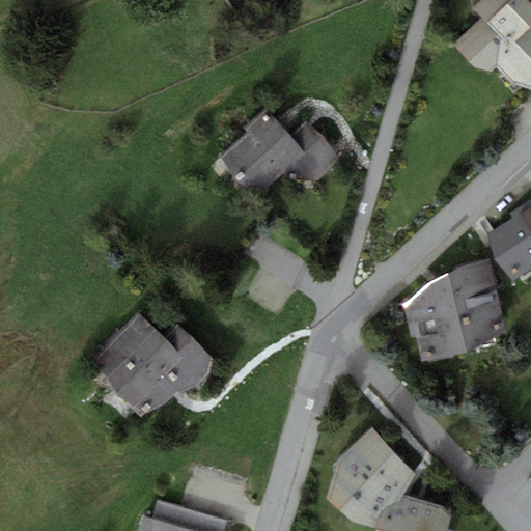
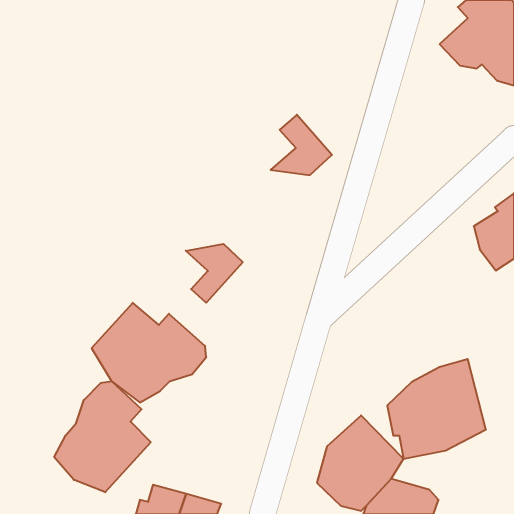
building: [219,111,305,197] -> none
building: none -> [186,244,243,303]
building: [406,258,507,361] -> [387,359,486,459]
building: none -> [54,381,151,492]

